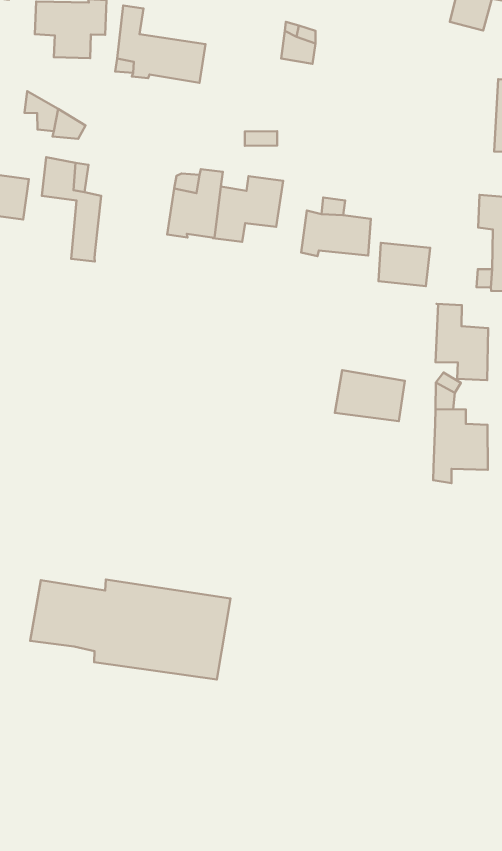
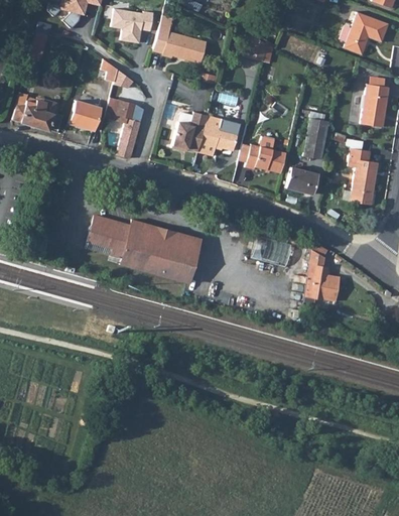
building: none -> [302,117,326,158]
building: [436,304,488,380] -> none
building: [30,580,231,680] -> [85,214,200,281]

